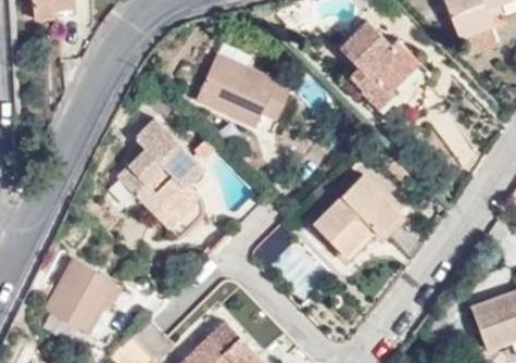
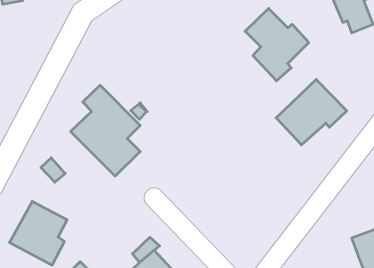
building: [196,55,291,128] -> none
building: [313,174,401,255] -> [276,79,347,145]

